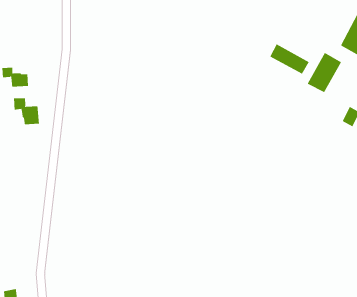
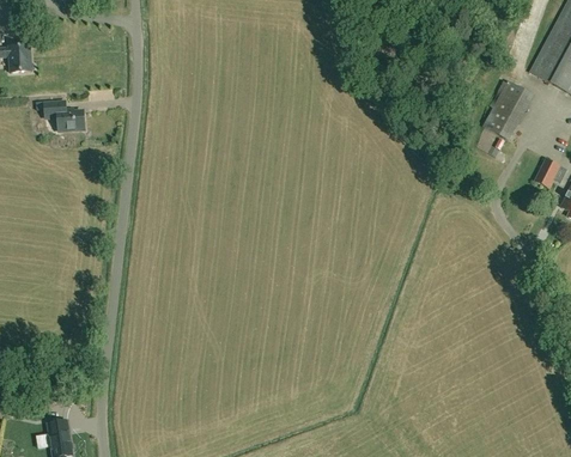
building: [269,43,310,75] -> none
building: [13,97,39,125] -> none

